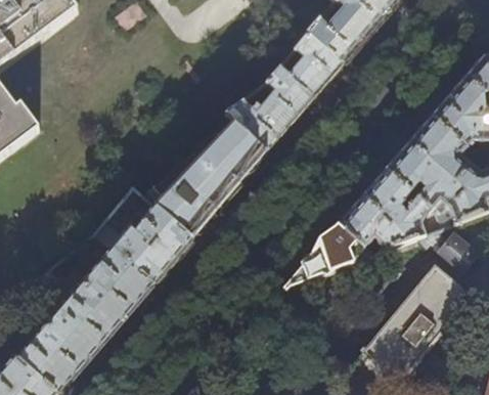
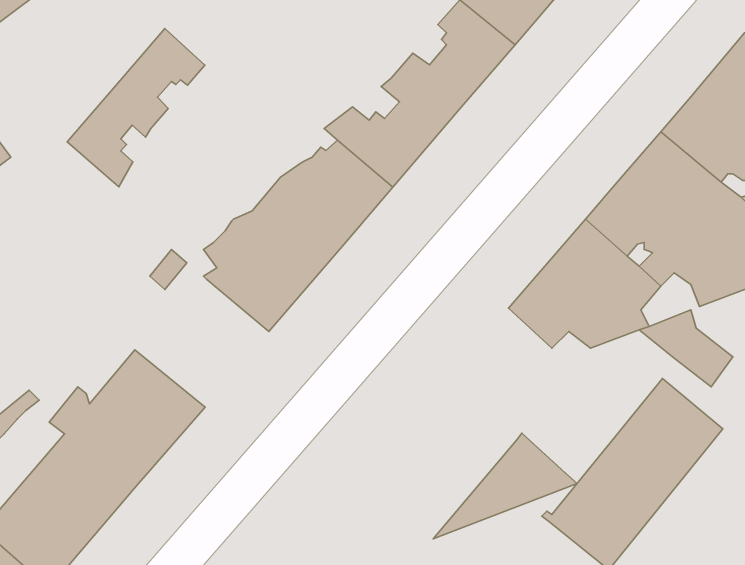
building: none -> [67,29,205,187]
building: [94,205,192,282] -> none
building: [284,222,372,287] -> [433,433,577,539]

